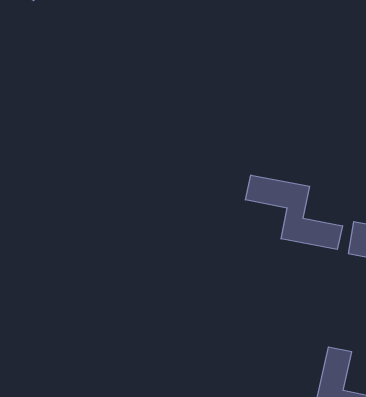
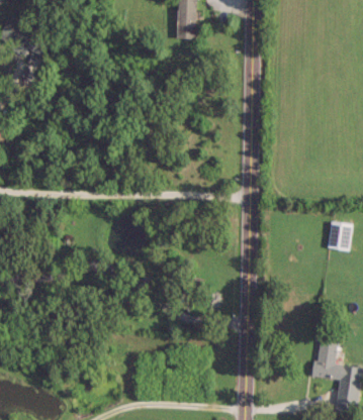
building: [245,175,342,249] -> none

